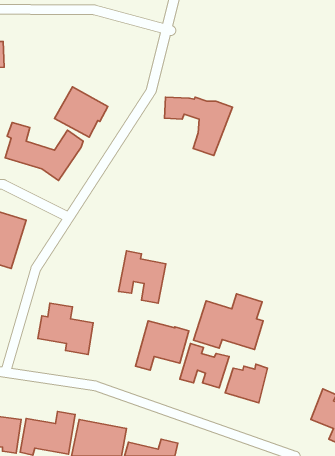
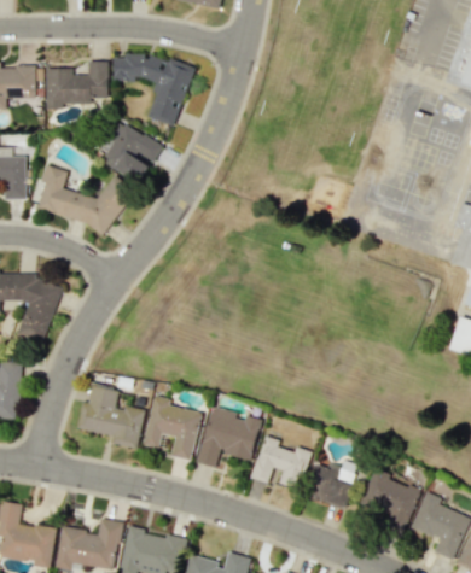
building: none -> [45,60,107,105]
building: [165,97,233,156] -> [112,54,196,125]
building: [119,251,166,303] -> [143,396,200,460]
building: [194,294,263,349] -> none
building: none -> [360,468,421,531]

